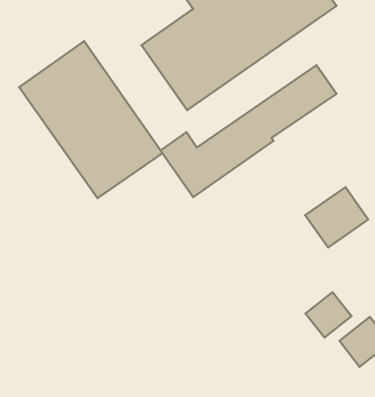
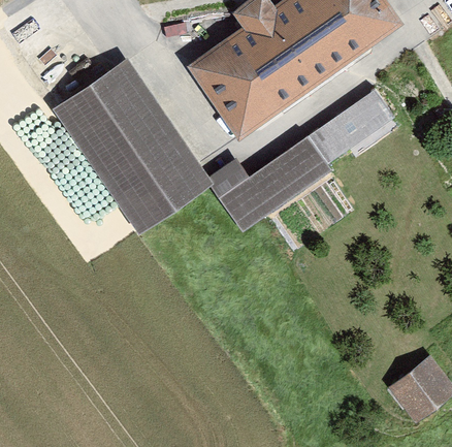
building: [305,187,368,248] -> none
building: [306,292,351,337] -> none

